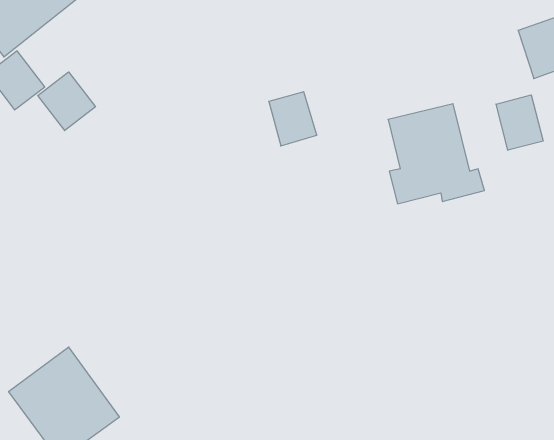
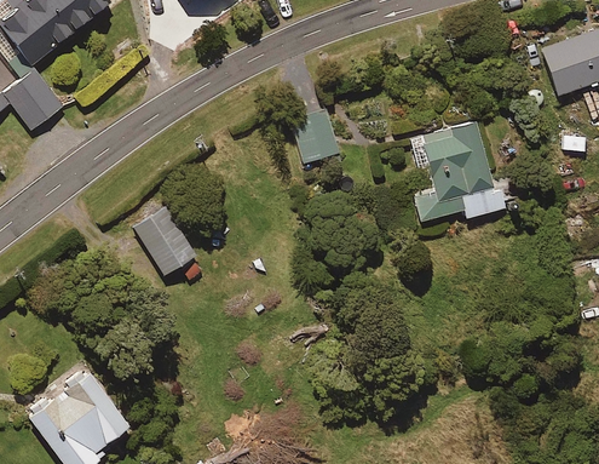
building: [38,72,95,131] -> none
building: [496,95,543,150] -> none
building: none -> [136,207,207,283]

